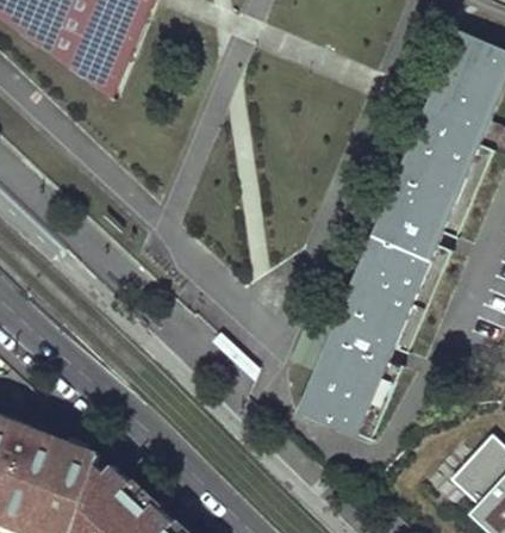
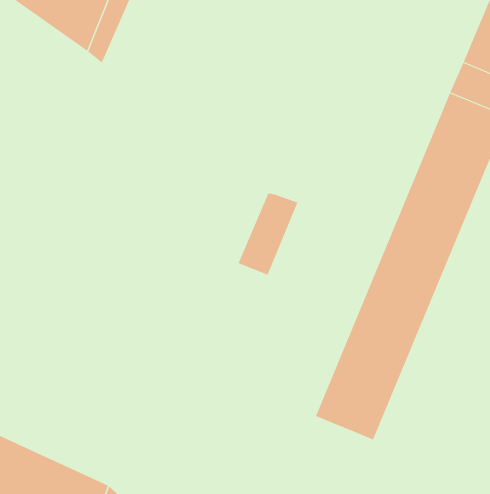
building: none -> [238,192,298,275]

